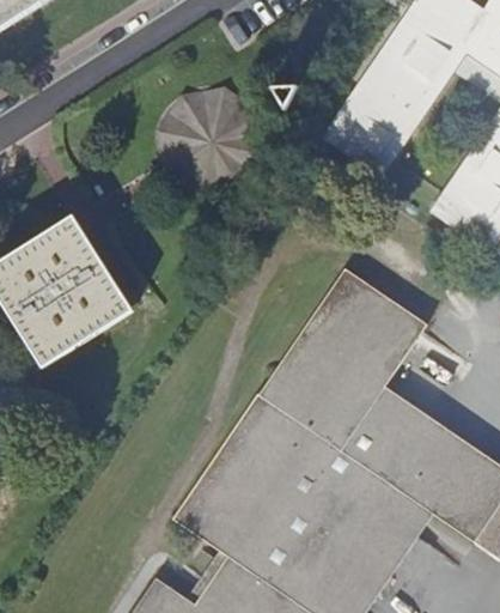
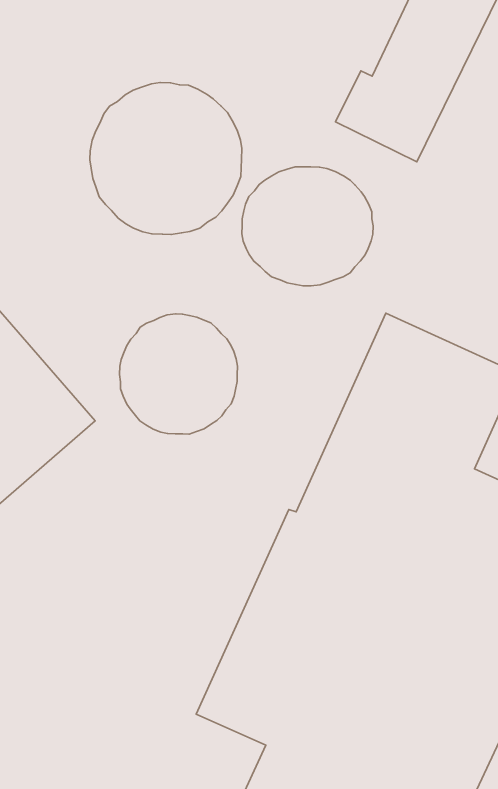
building: none -> [242,167,373,286]
building: none -> [119,314,238,434]

